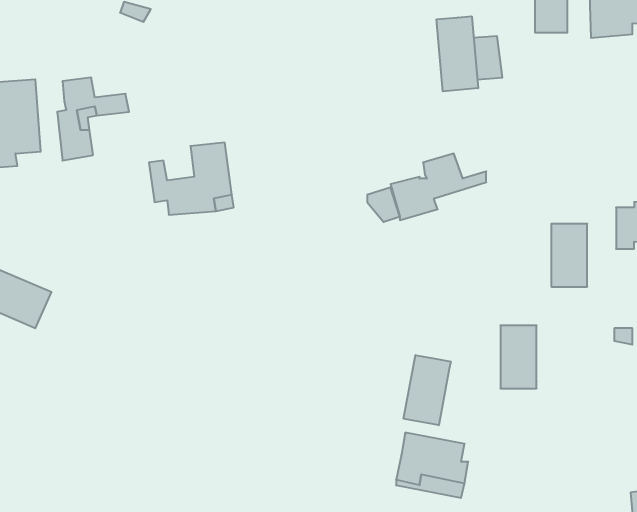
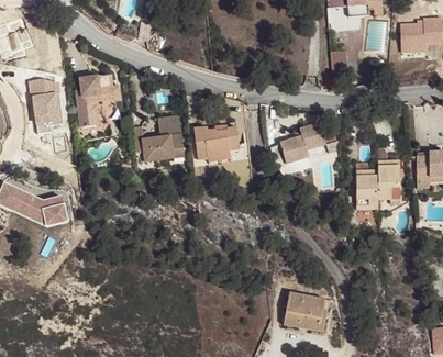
building: [437,16,478,91] -> none
building: none -> [193,125,237,159]
building: [500,325,537,388] -> [355,169,377,208]
building: [404,355,451,425] -> none

